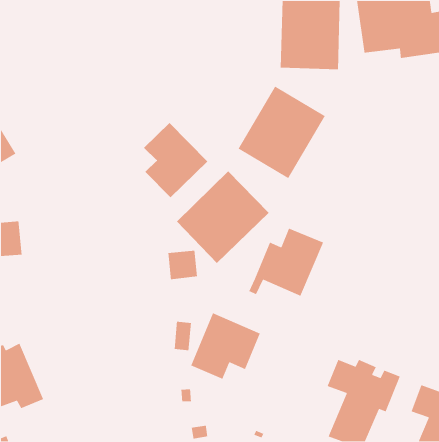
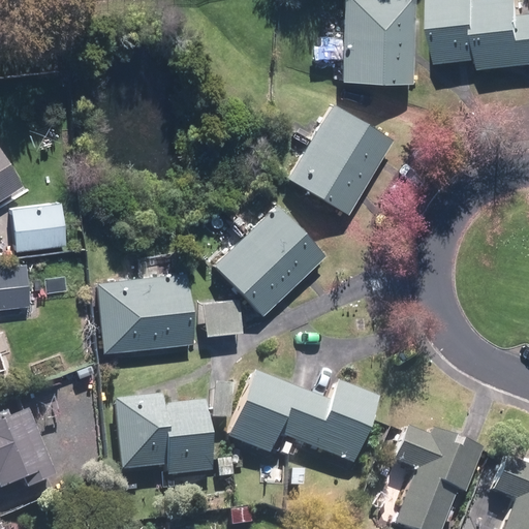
building: [143,122,208,198] -> none
building: none -> [12,205,64,249]
building: [248,228,324,297] -> [289,381,380,464]
building: none -> [98,273,193,351]
building: none -> [117,397,211,474]

